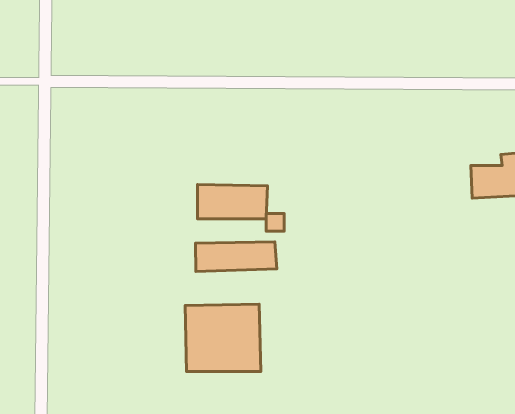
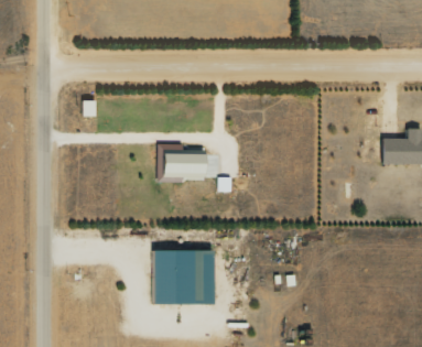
building: [195,242,277,272] -> none

